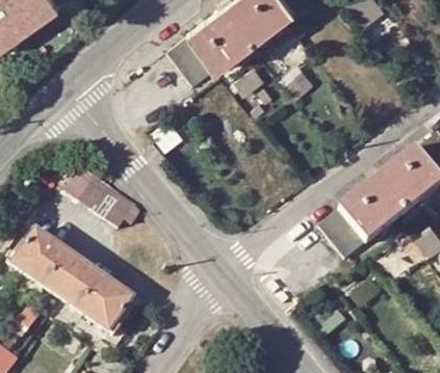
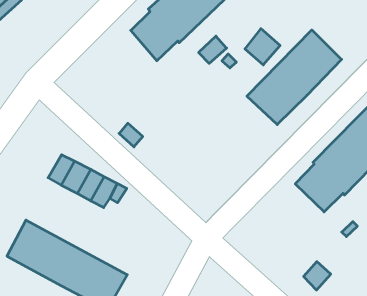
building: none -> [247,30,342,125]

